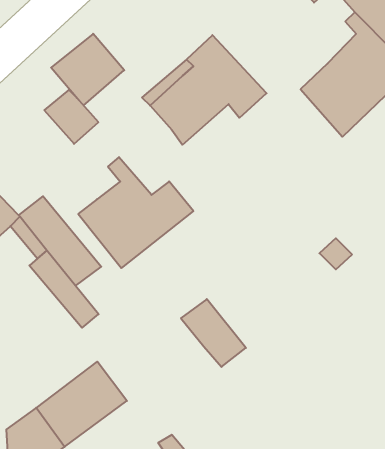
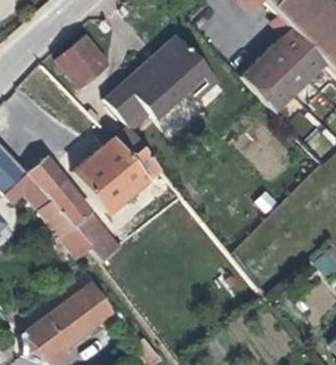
building: [44,90,98,144] -> [104,82,145,123]
building: [181,299,246,367] -> [73,210,122,261]

